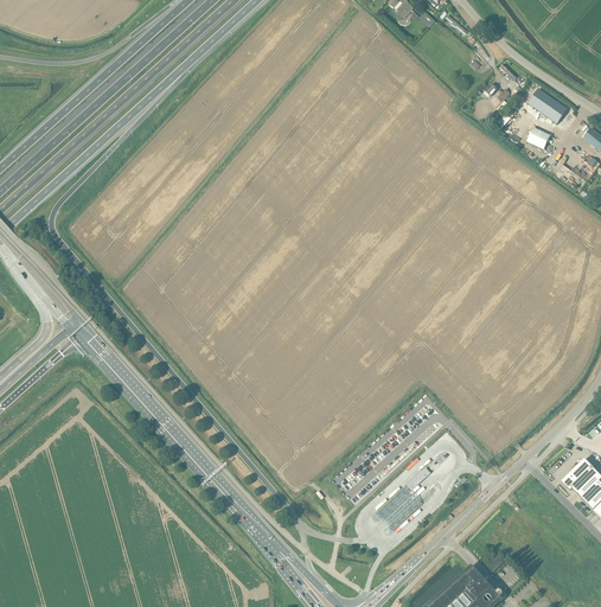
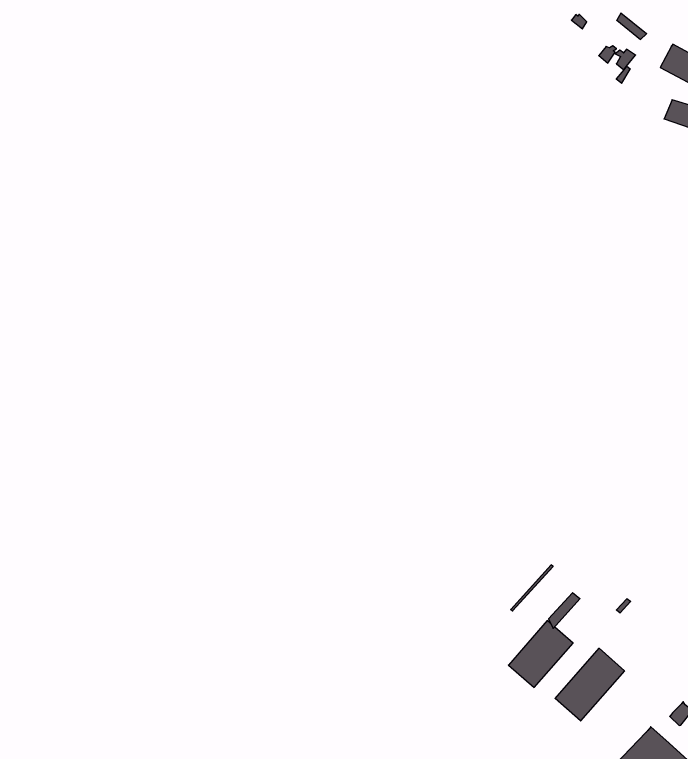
building: none -> [555,648,624,721]

